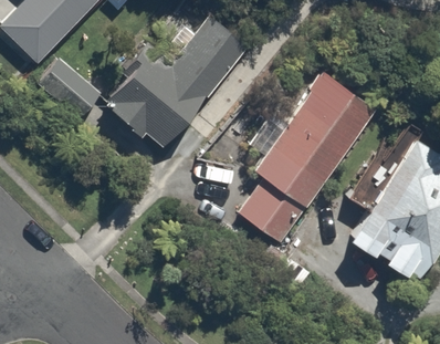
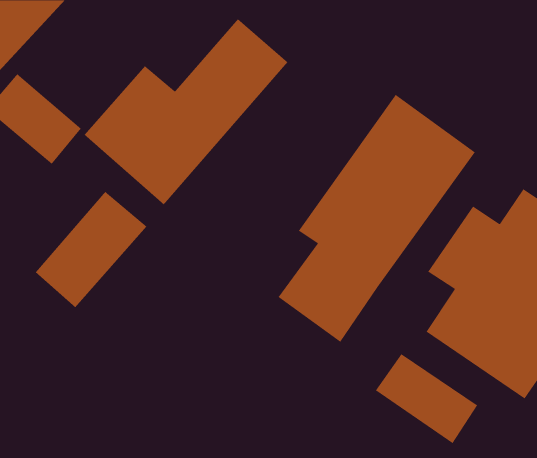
building: none -> [35,191,148,308]
building: none -> [375,353,478,444]

